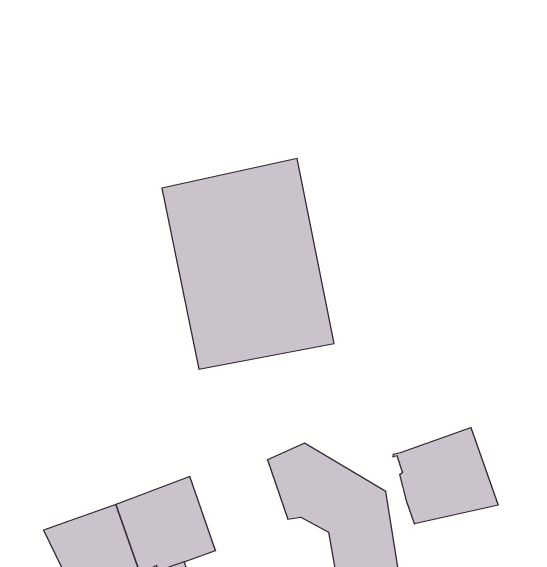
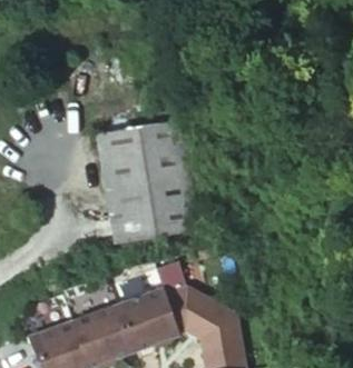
building: [393,427,498,524] -> none
building: none -> [115,290,174,350]

